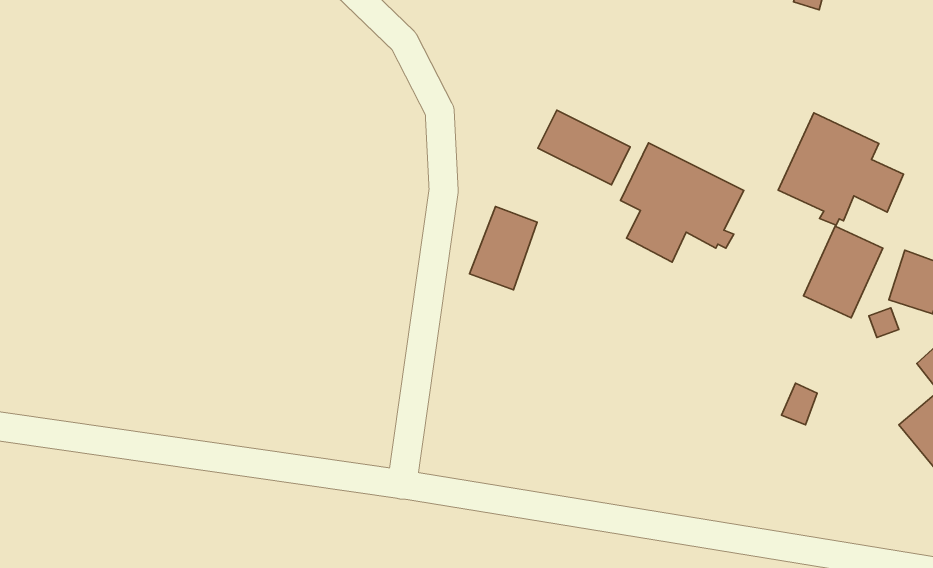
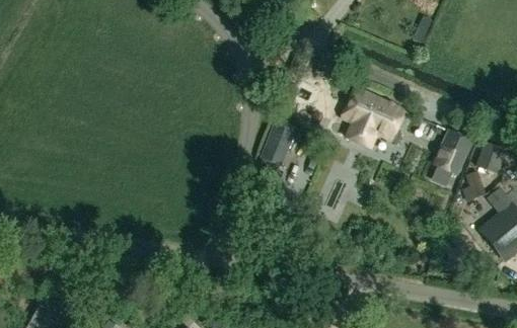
building: [538,110,630,185] -> none
building: [778,113,903,225] -> none

